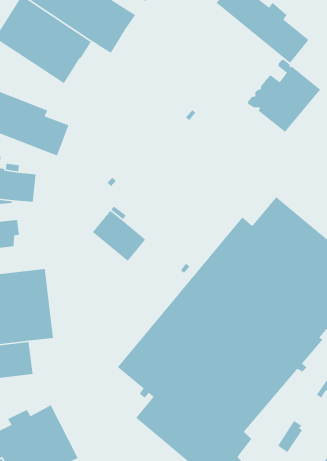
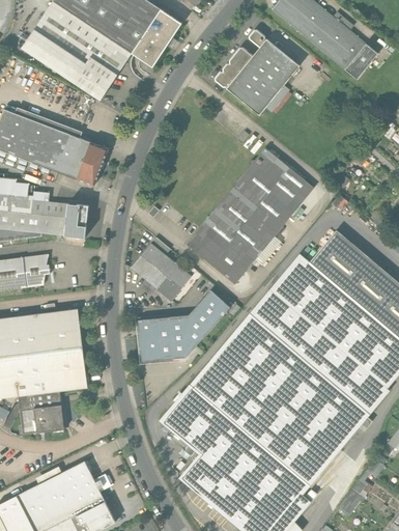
building: [247,59,321,133] -> [213,31,296,114]
building: none -> [184,147,312,284]
building: none -> [64,203,89,237]
building: none -> [137,289,229,360]

